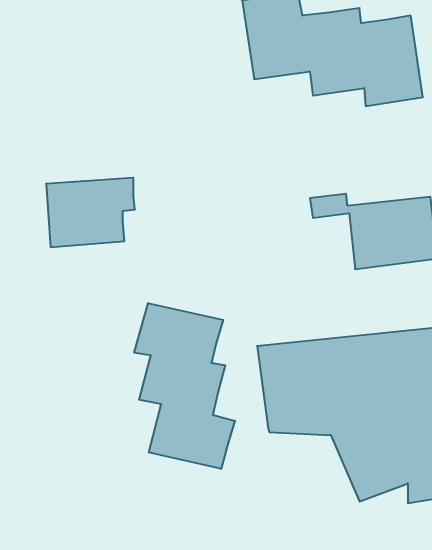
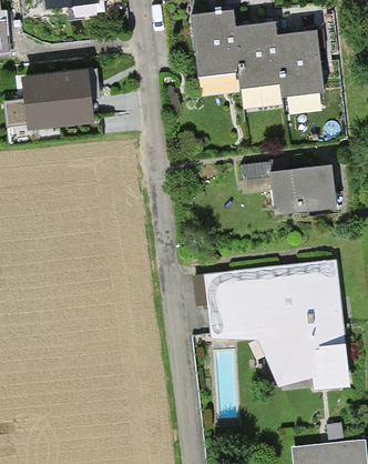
building: [46,178,135,247] -> [21,73,86,124]
building: [134,303,235,469] -> none

